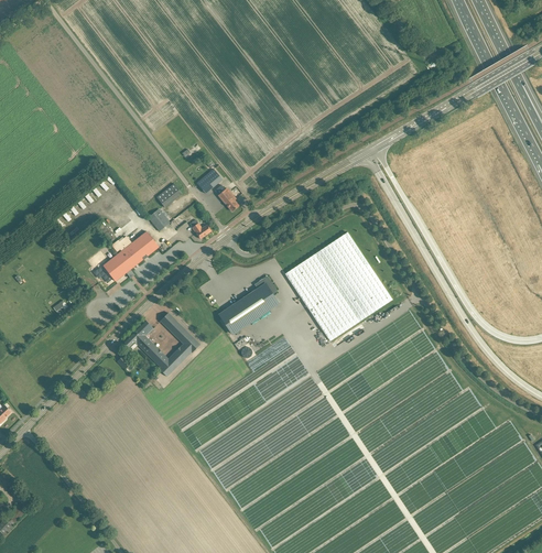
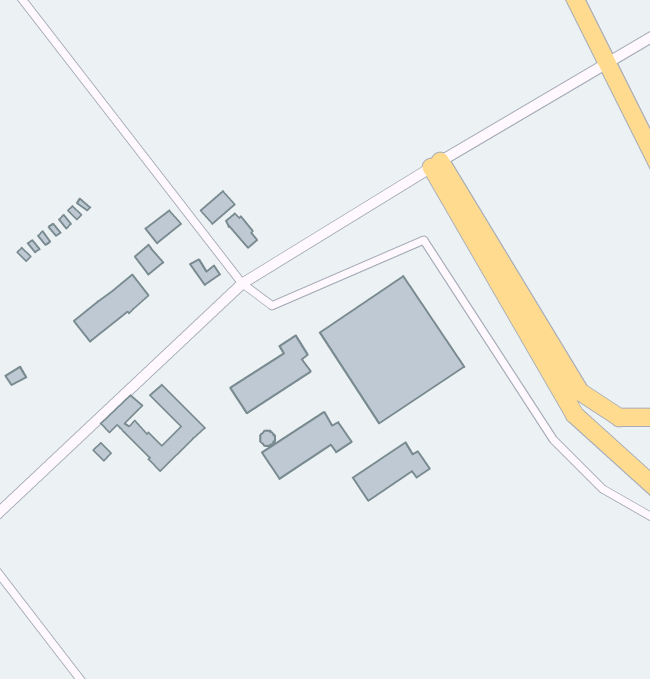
building: none -> [262,412,352,479]
building: none -> [353,442,430,501]

